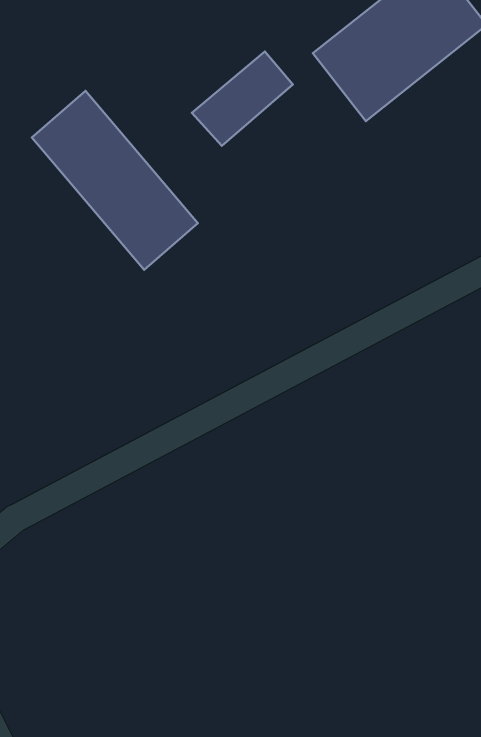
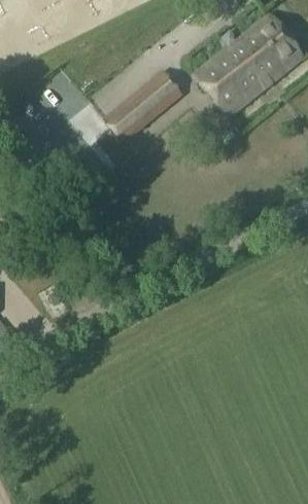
building: [32,91,198,270] -> none

